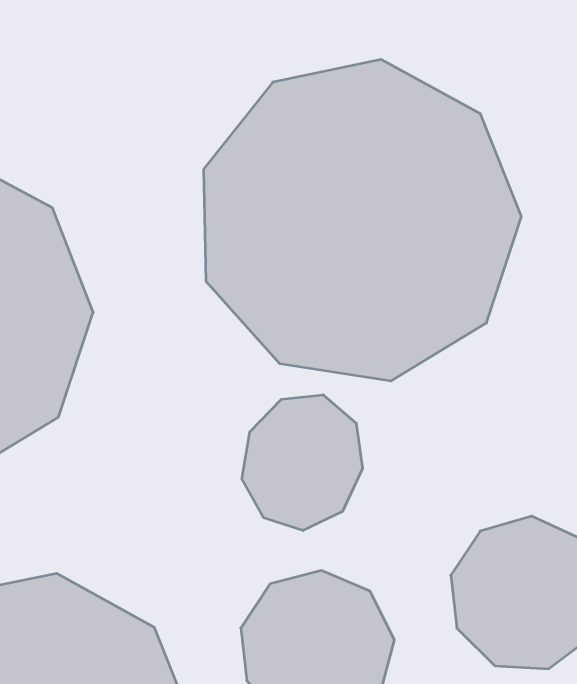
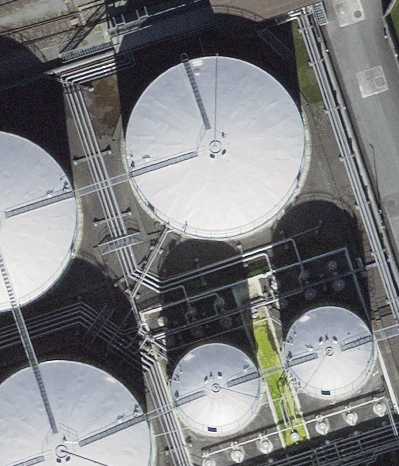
building: [242,395,363,531] -> none

